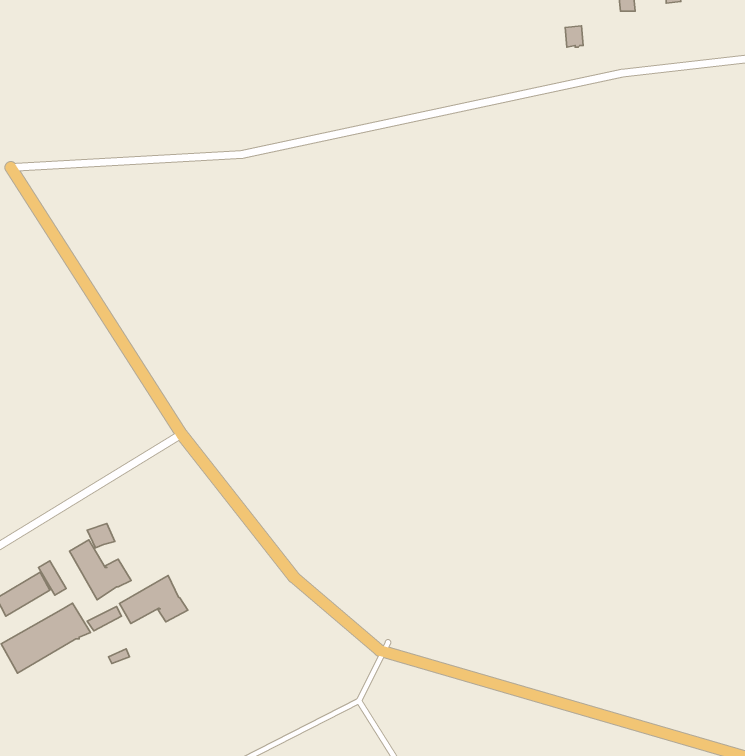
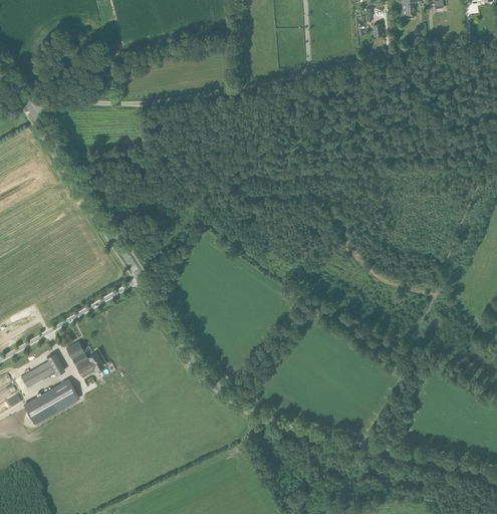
building: [119,576,188,624] -> none

